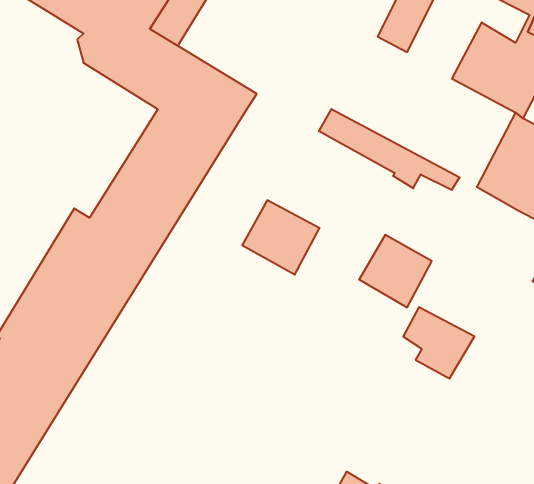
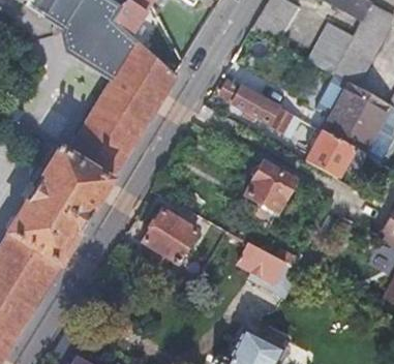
building: none -> [306,130,355,180]
building: [242,200,320,275] -> [141,212,192,262]
building: [403,307,474,378] -> [240,243,287,291]

